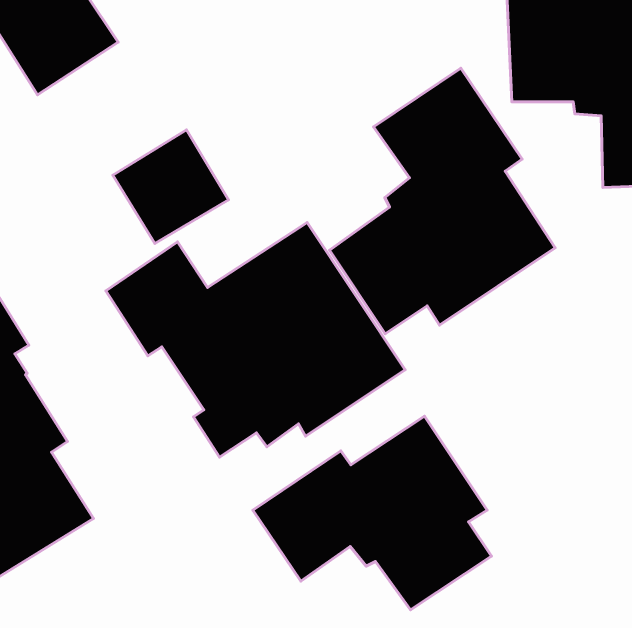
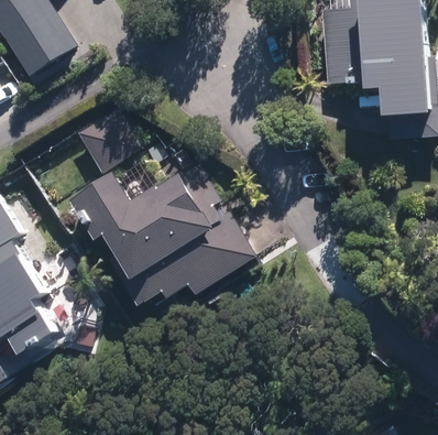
building: [329,68,555,334] -> none
building: [253,416,491,610] -> none

